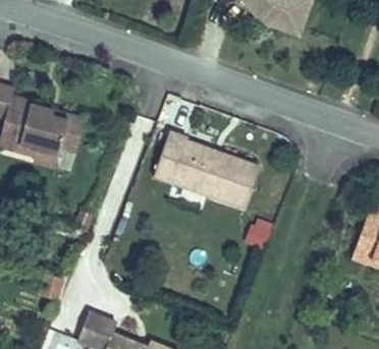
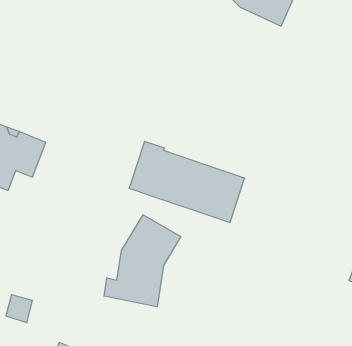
building: none -> [104,215,181,307]

